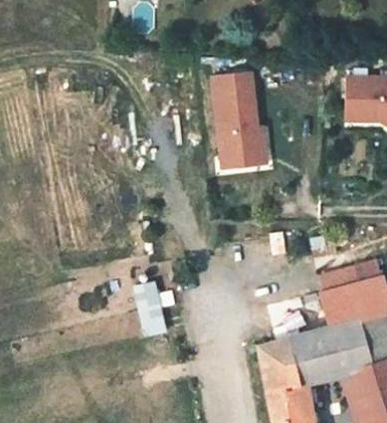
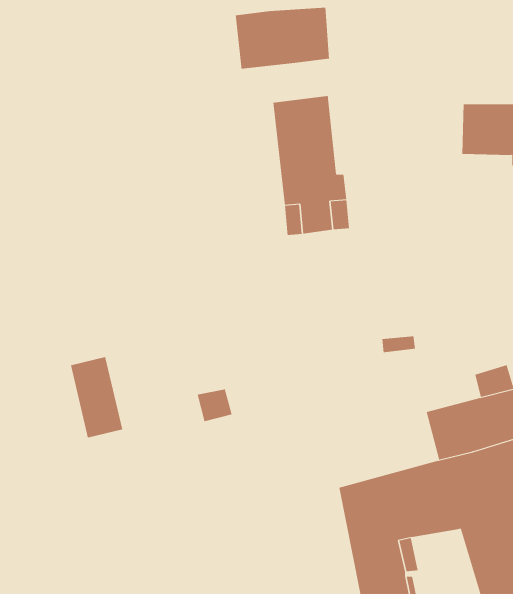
building: none -> [235,7,329,70]
building: [132,280,169,338] -> [70,357,123,438]

